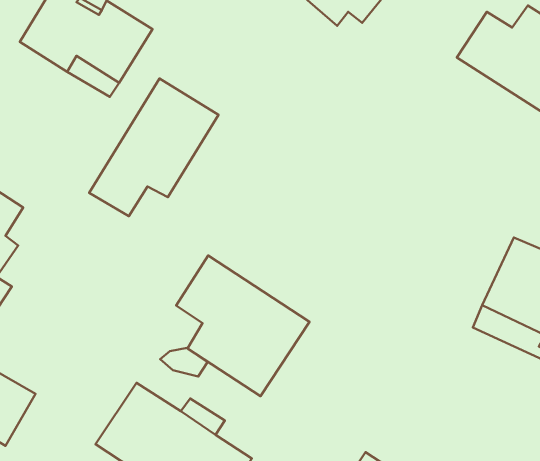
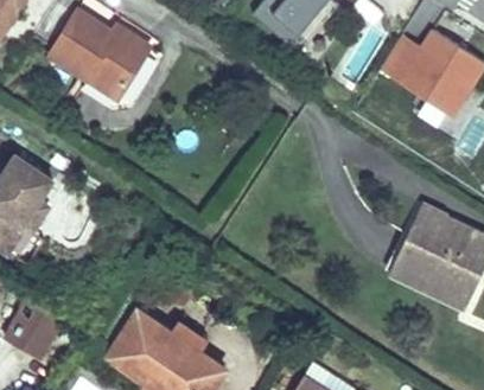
building: [89,78,219,216] -> none
building: [176,255,309,396] -> none

